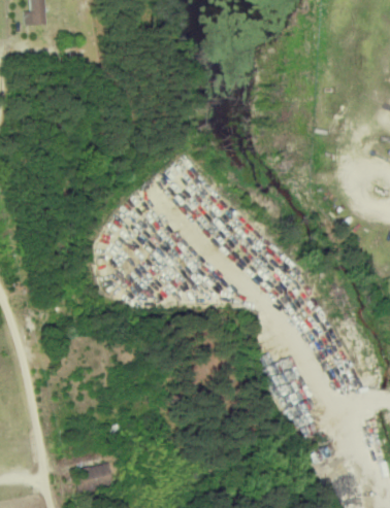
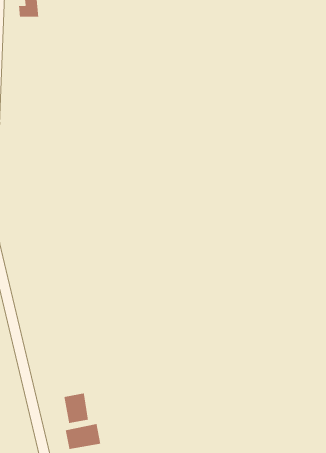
building: none -> [63,393,89,424]

